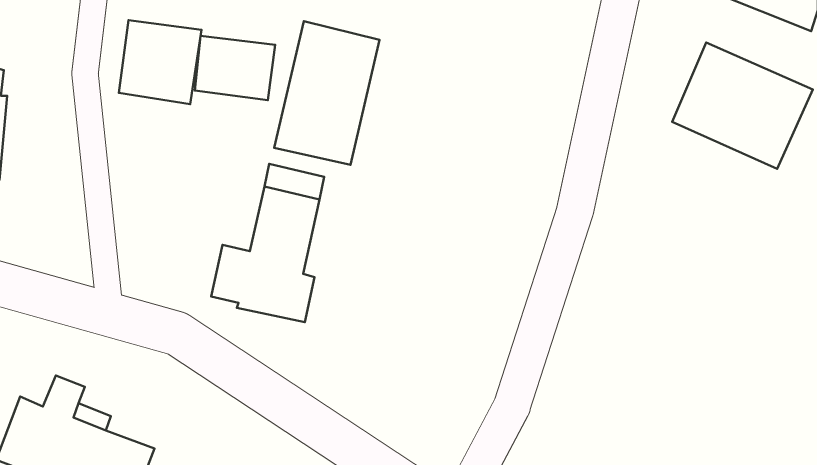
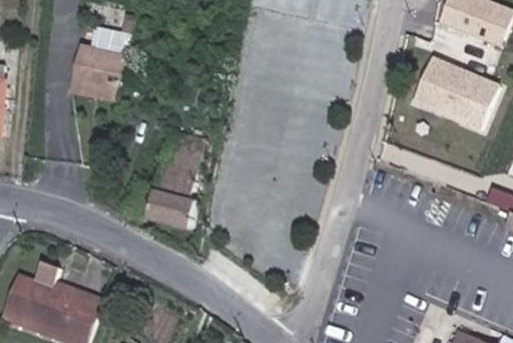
building: [274,21,379,165] -> none
building: [195,36,275,100] -> none

